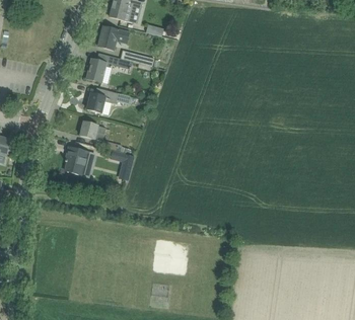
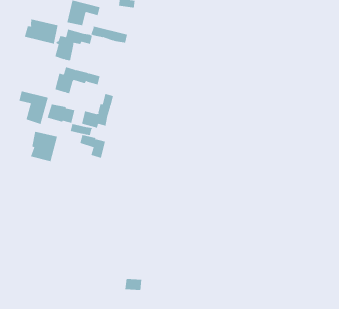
building: none -> [24,19,58,44]
building: none -> [19,91,49,125]
building: none -> [82,93,114,128]

